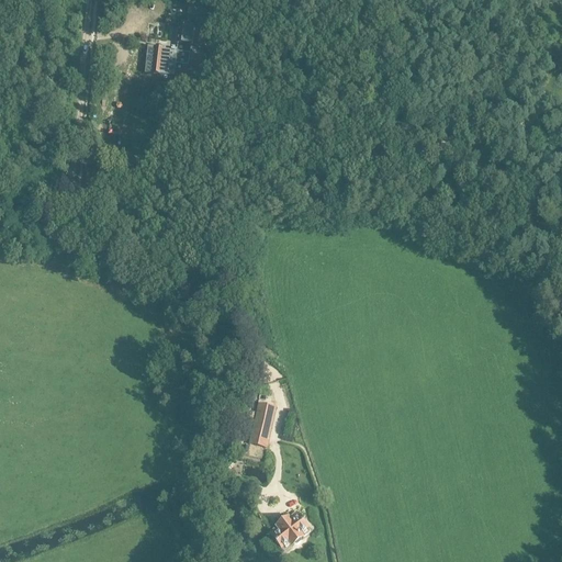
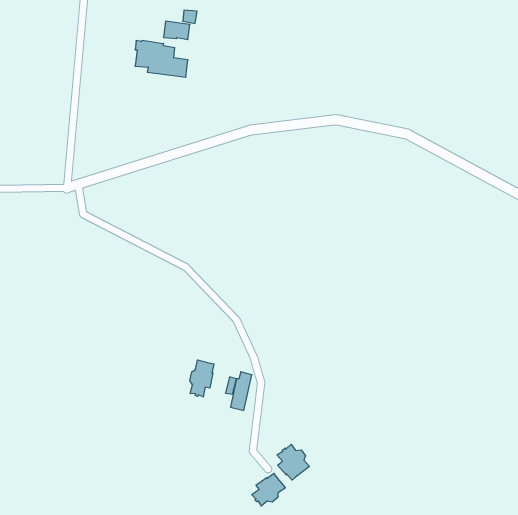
building: none -> [190,360,214,397]
building: none -> [277,444,309,480]

